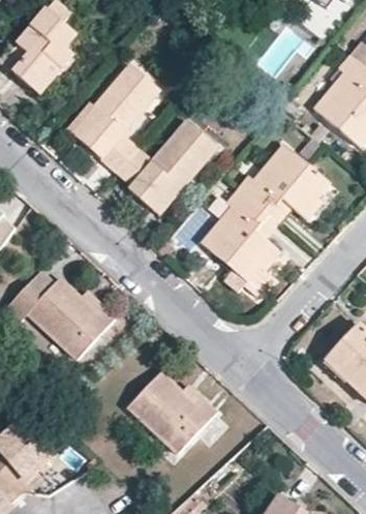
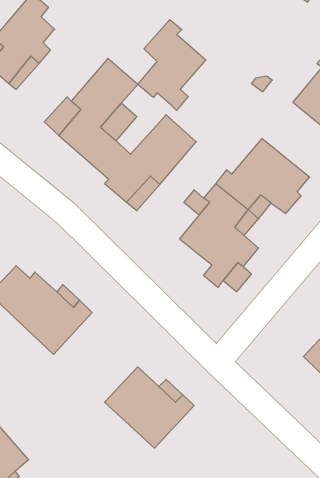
building: none -> [138,20,206,110]

